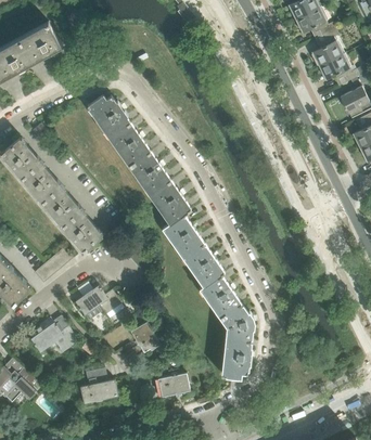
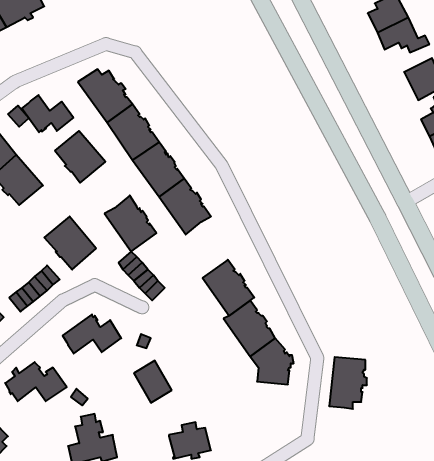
building: none -> [22,95,73,132]
building: [41,185,80,225] -> [55,131,105,183]
building: [163,213,203,257] -> [105,195,156,251]
building: [221,337,251,377] -> [329,357,367,409]

